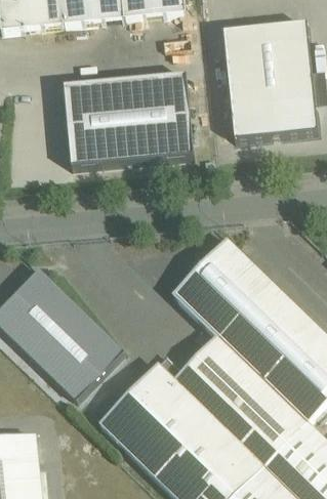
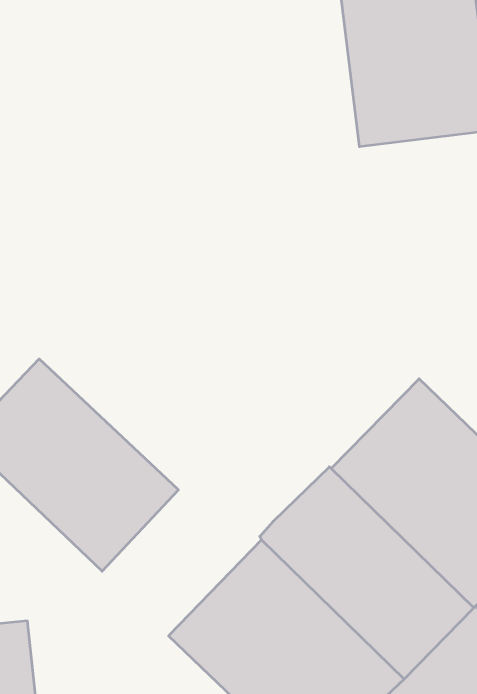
building: [66,74,194,164] -> none
building: [173,240,273,339] -> none
building: [99,357,182,443] -> none

